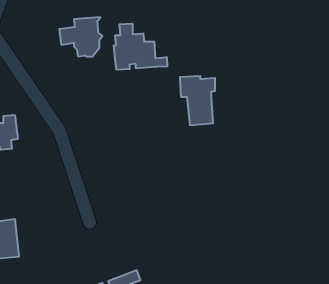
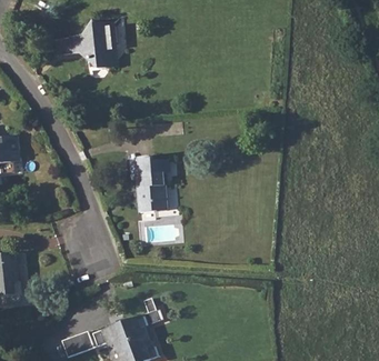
building: [114,24,167,70] -> none
building: [180,76,215,125] -> [130,156,170,211]

